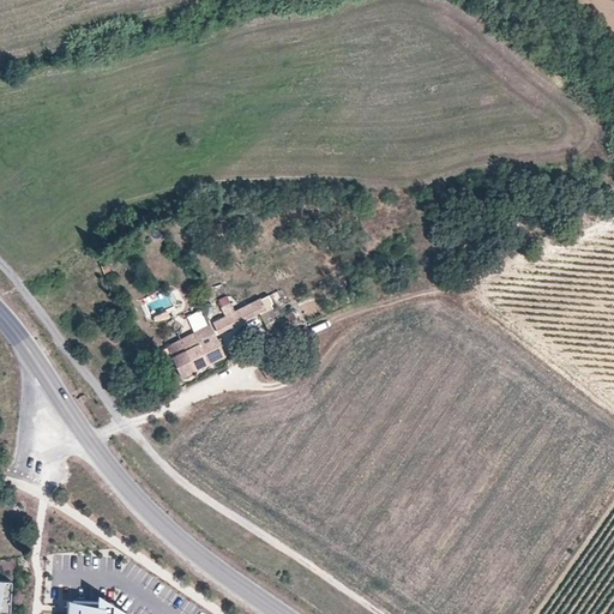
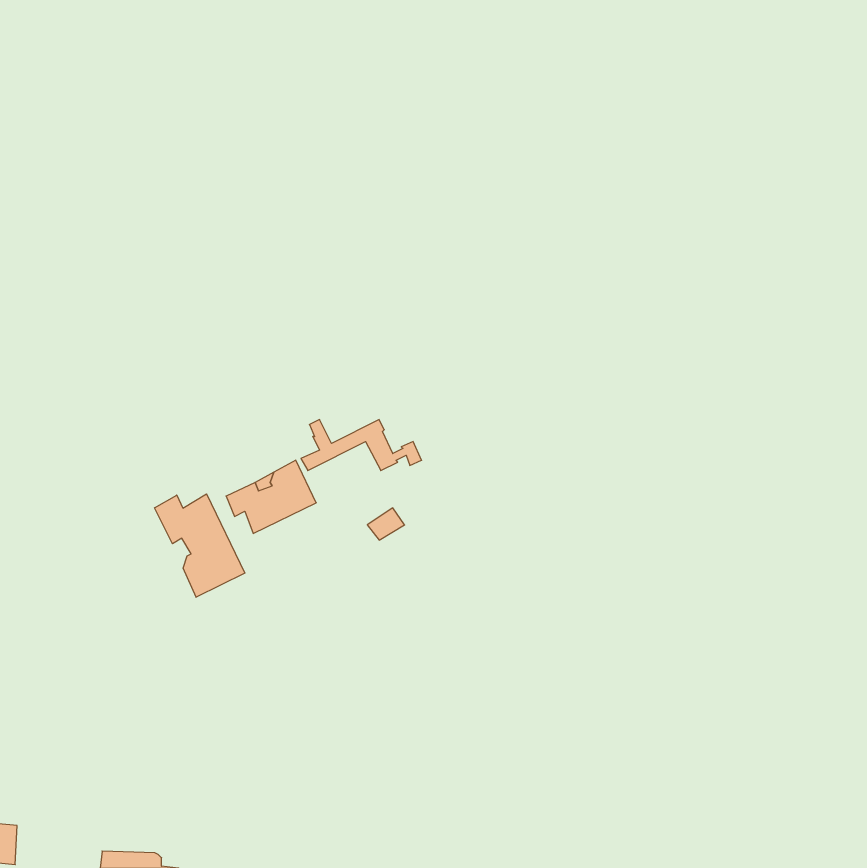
building: none -> [155,494,245,597]

